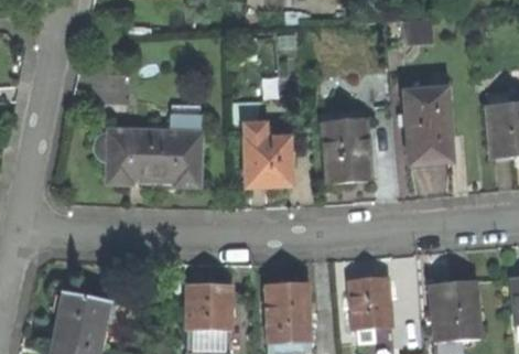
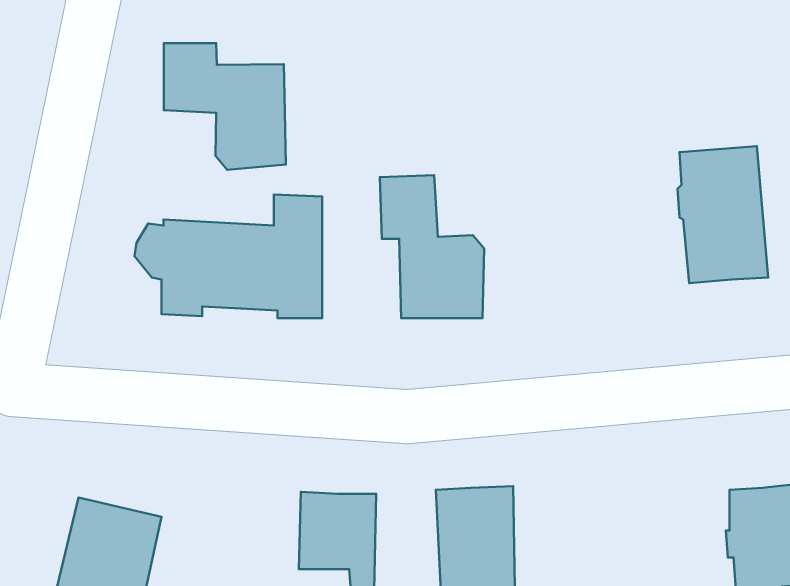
building: none -> [164,43,286,170]
building: [323,111,372,182] -> none
building: [349,277,392,328] -> none

